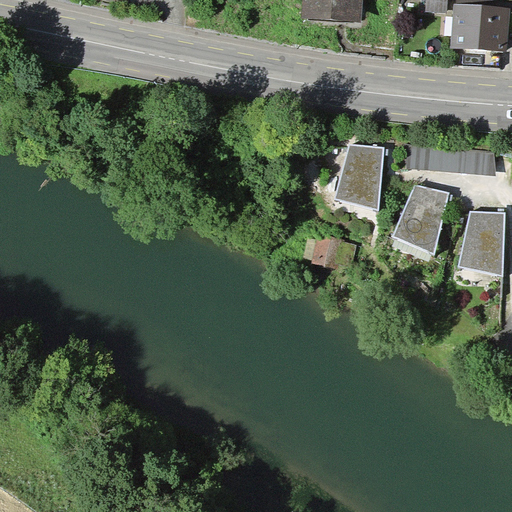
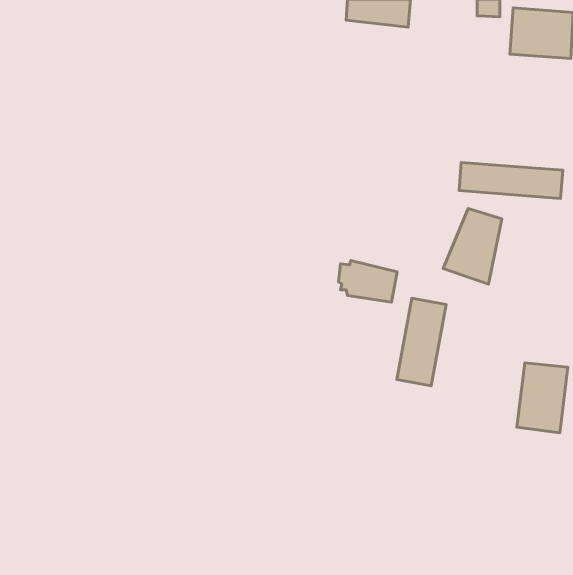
building: [337,146,382,210] -> none
building: [458,209,503,271] -> [517,363,568,433]
building: none -> [397,298,446,386]

